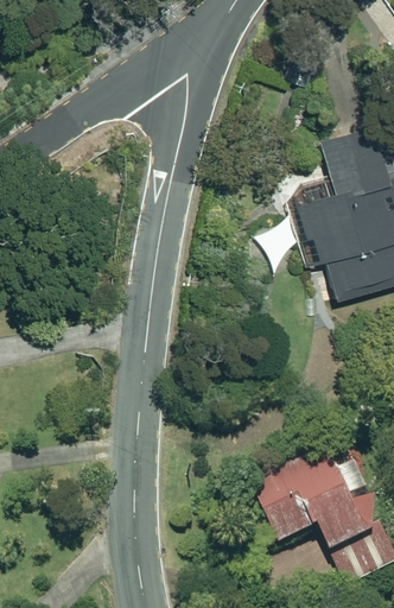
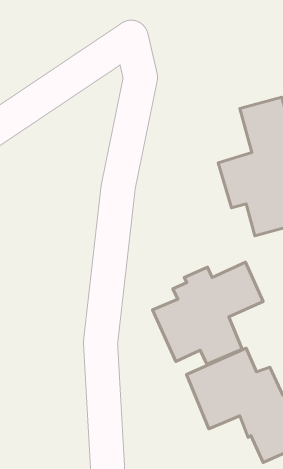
building: none -> [153,262,263,364]

